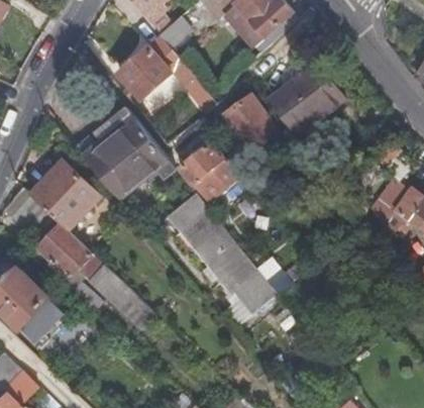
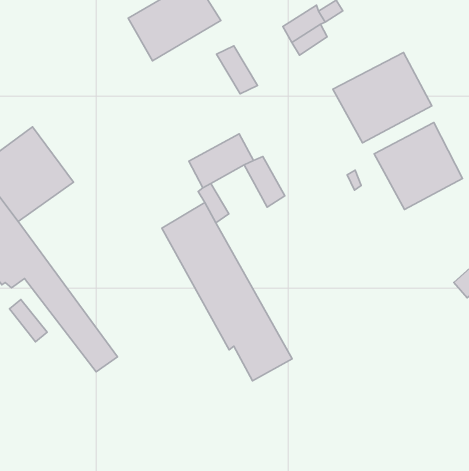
building: [224,97,275,149] -> none
building: [76,107,167,200] -> none
building: none -> [374,122,462,210]

